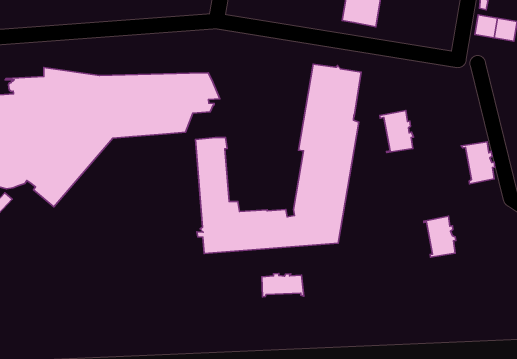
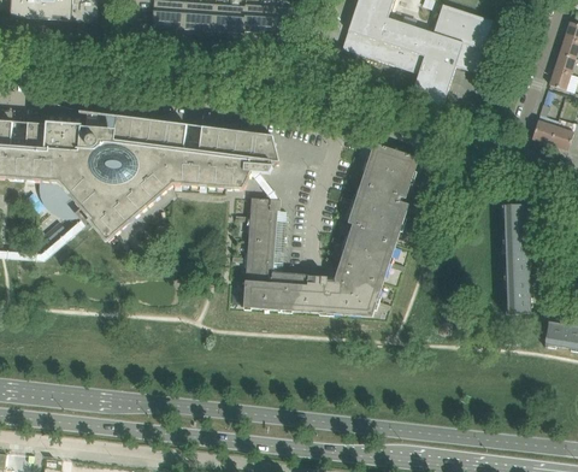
building: [380,110,414,153] -> [501,203,530,241]
building: [424,216,456,257] -> [505,277,532,313]
building: [262,274,304,297] -> none

